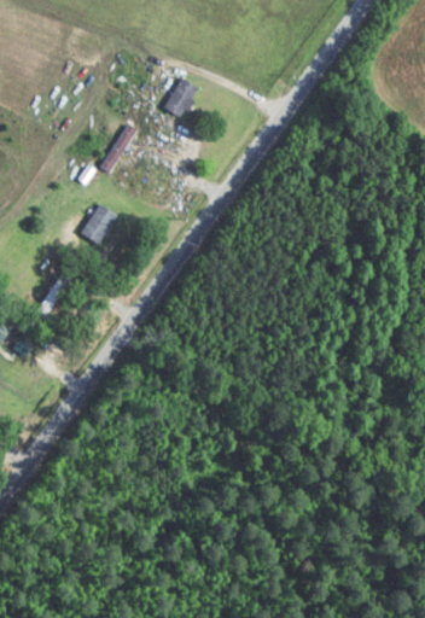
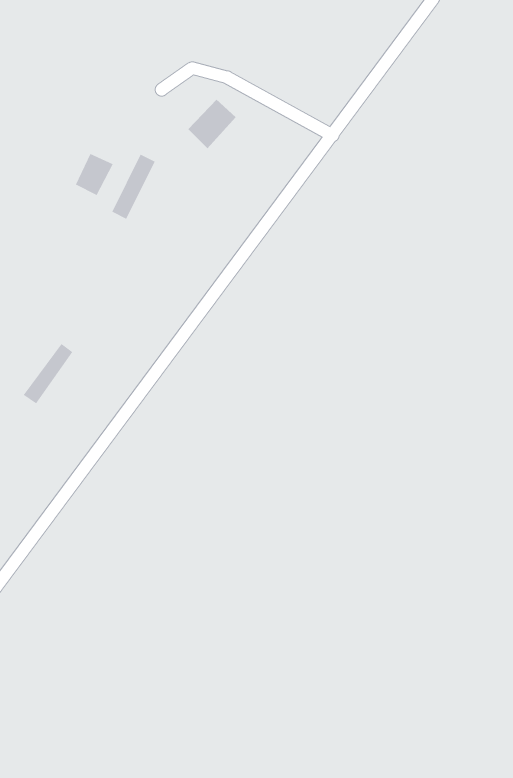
building: none -> [75,153,113,196]
building: [80,203,118,245] -> none

